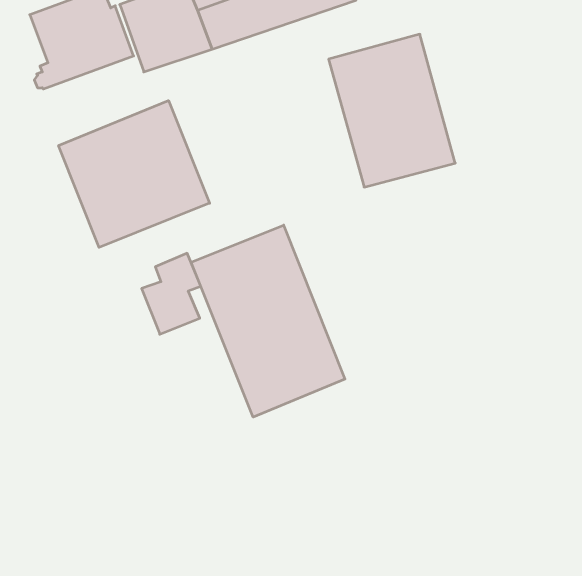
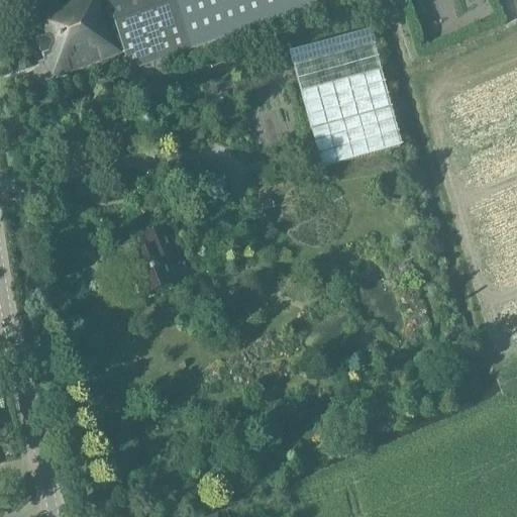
building: [59,101,210,247] -> none
building: [191,225,345,417] -> none

